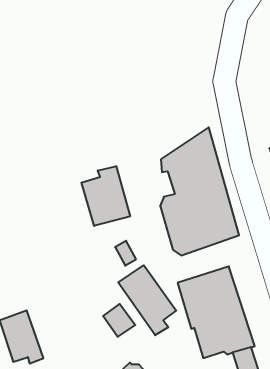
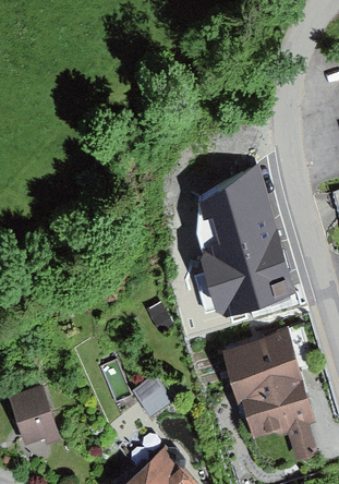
building: [81,166,130,226] -> none
building: [118,265,176,335] -> none

